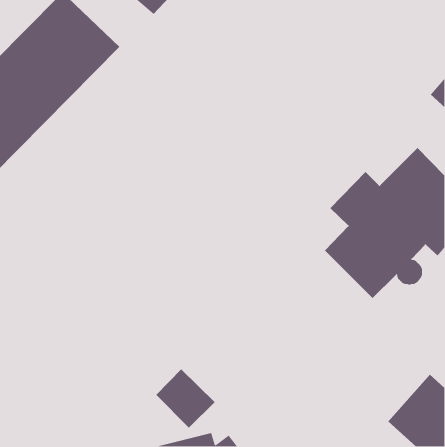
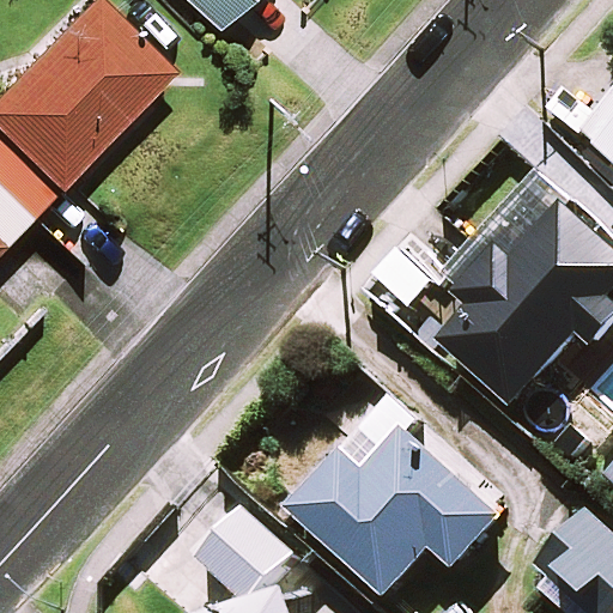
building: none -> [286,427,498,595]

